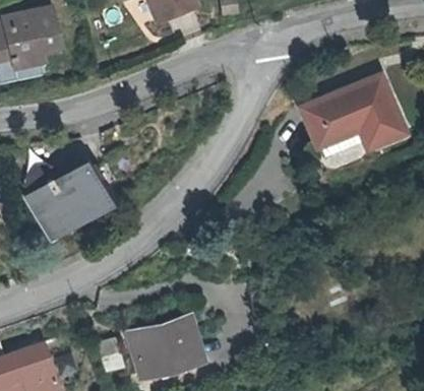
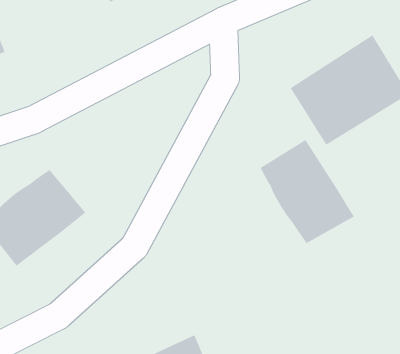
building: none -> [260,139,354,244]

